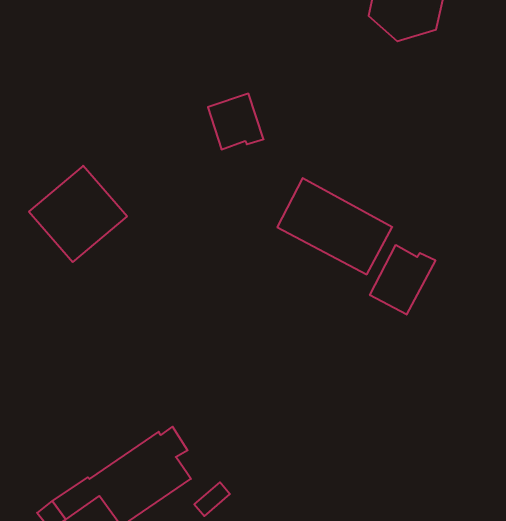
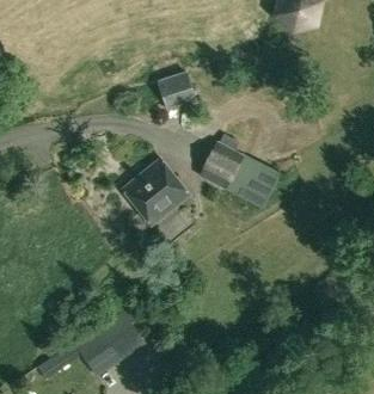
building: [29,166,127,262] -> [121,159,190,227]
building: [370,245,435,315] -> none

